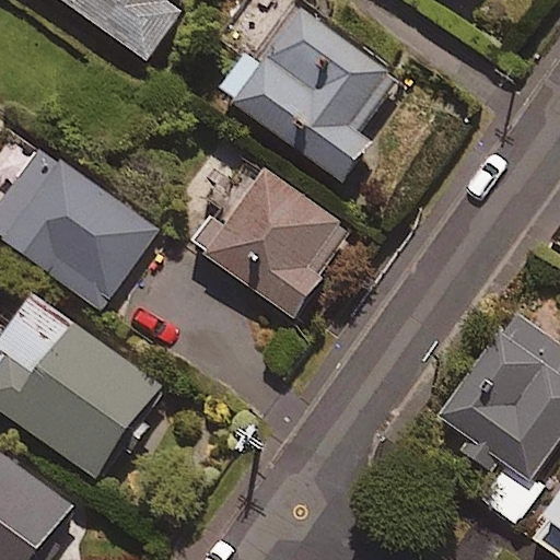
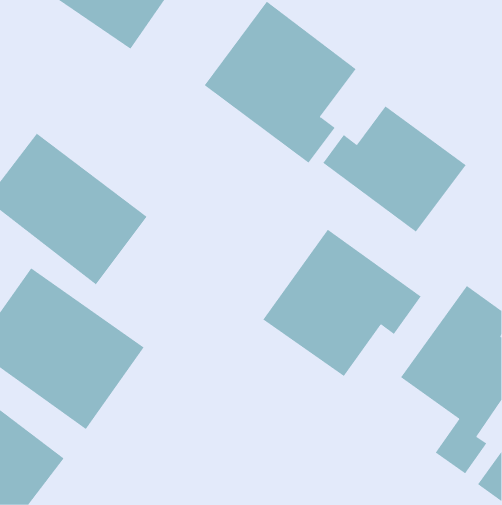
building: none -> [323,106,466,233]
building: [191,153,352,316] -> none
building: none -> [263,229,421,377]

